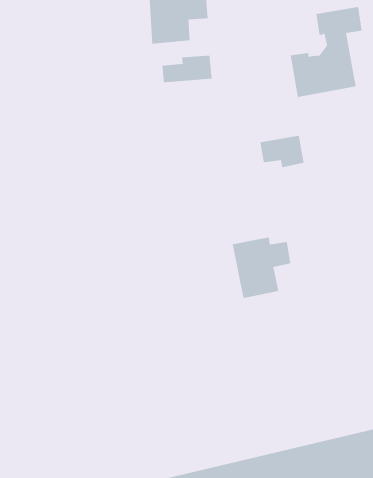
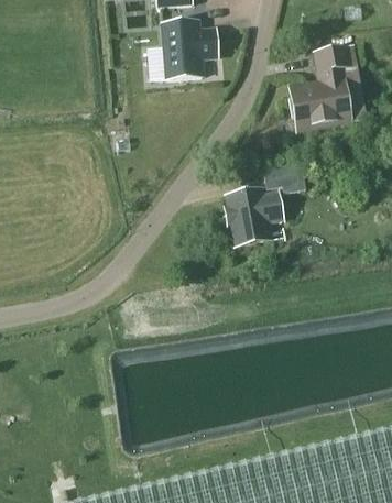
building: [162,55,212,83] -> none
building: [232,237,291,299] -> [227,195,281,251]

